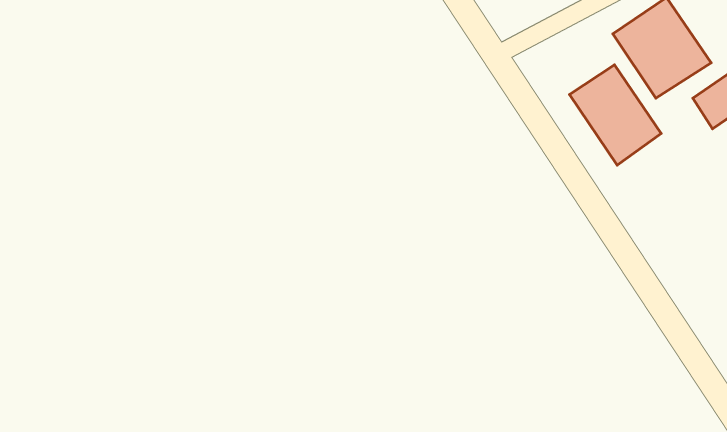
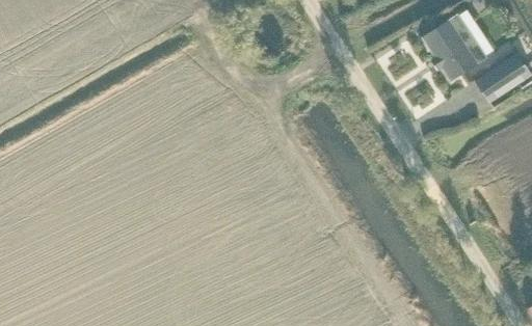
building: [570,65,661,165] -> none

